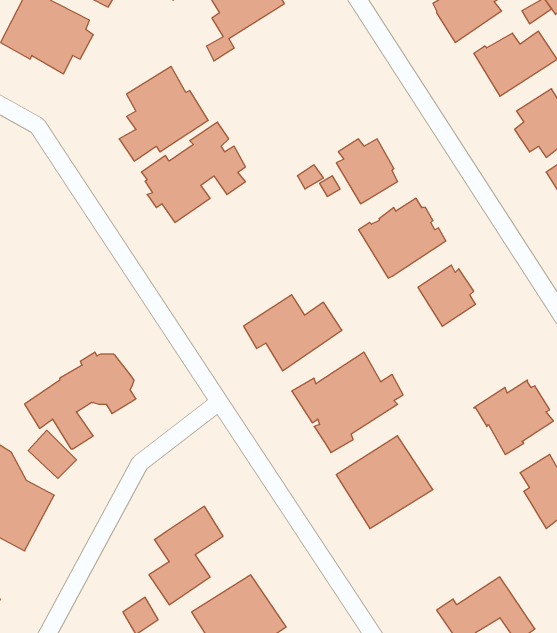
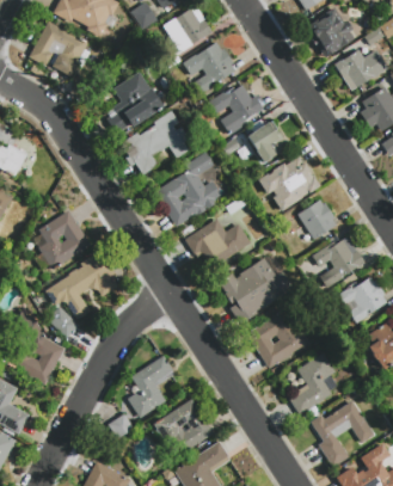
building: none -> [183,42,234,94]
building: none -> [208,84,263,134]
building: none -> [154,153,222,227]
building: none -> [39,209,91,269]
building: none -> [311,235,364,287]
building: none -> [289,353,336,414]

